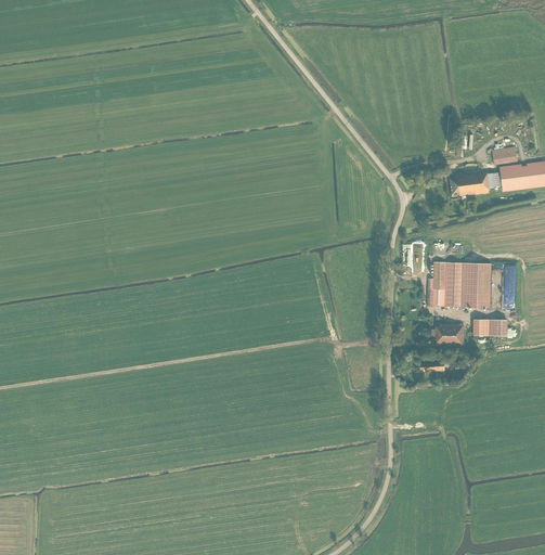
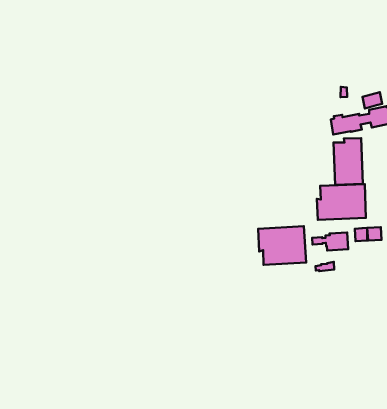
building: none -> [333,138,363,185]
building: none -> [258,226,306,265]

